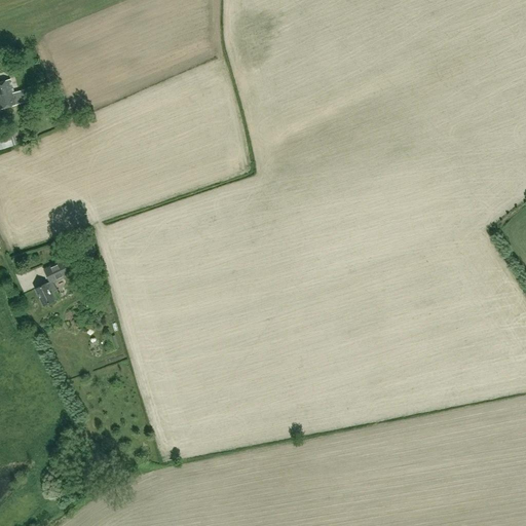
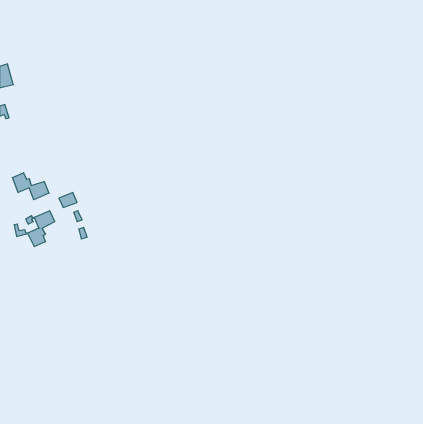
building: none -> [13,173,49,200]

